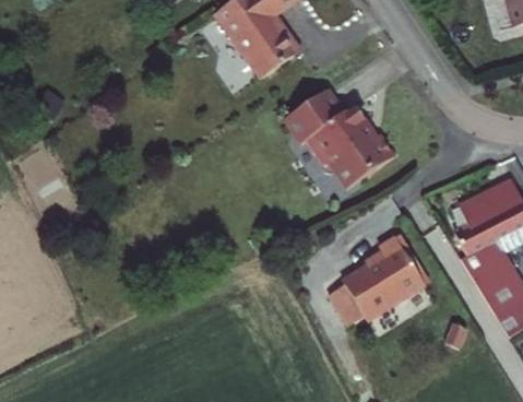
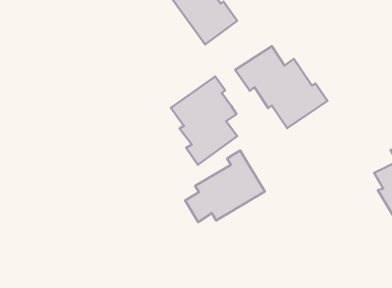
building: none -> [171,76,237,165]
building: [331,236,426,322] -> [185,150,265,222]

